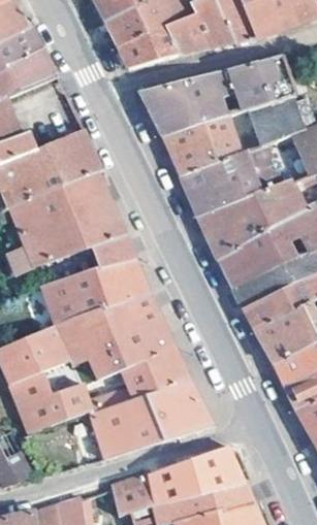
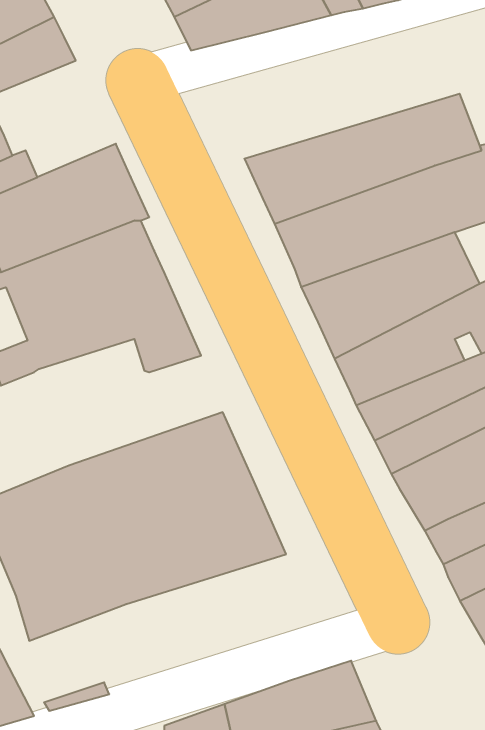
building: [141,55,298,135] -> none
building: [42,257,149,325] -> none
building: [89,380,214,459] -> none

